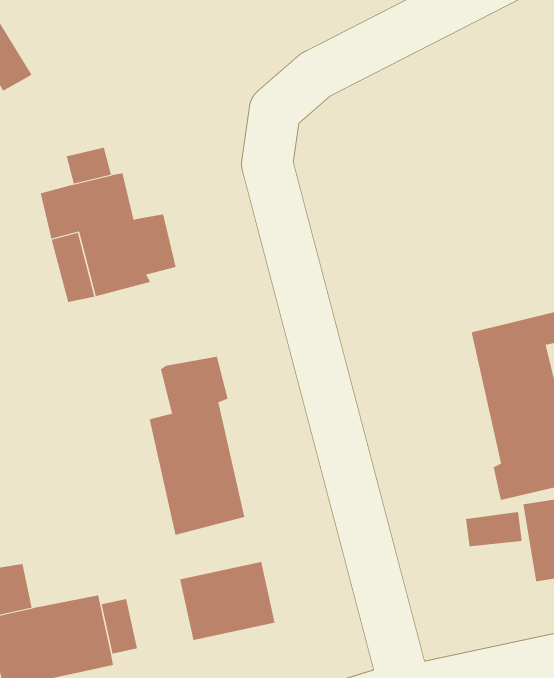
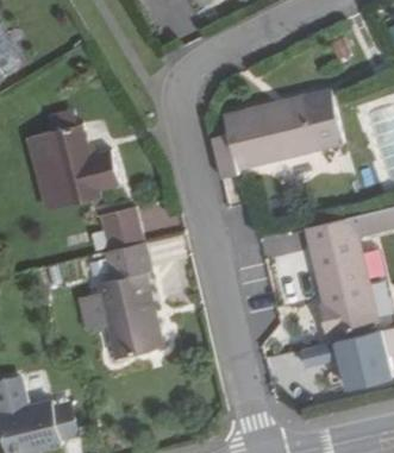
building: none -> [209,92,340,178]
building: none -> [100,207,143,250]
building: [180,561,275,641] -> none

